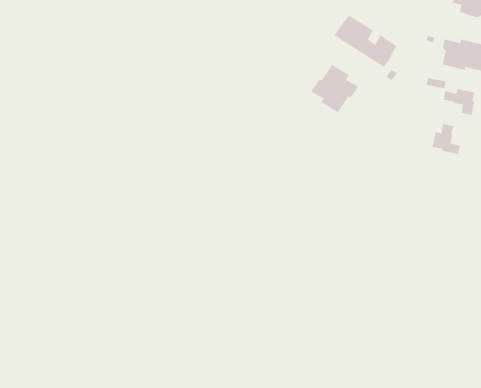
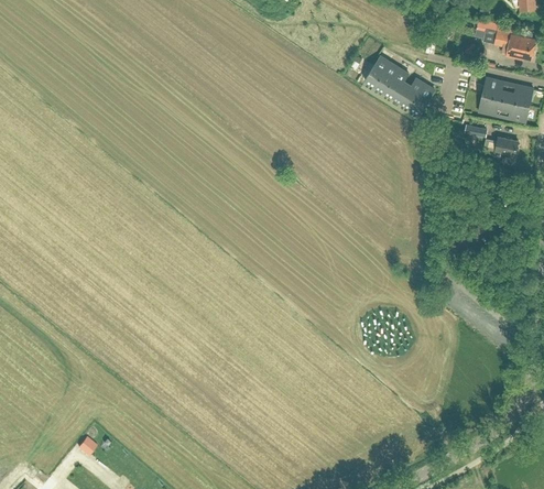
building: [310,62,359,113] -> none
building: [432,123,461,155] -> none

